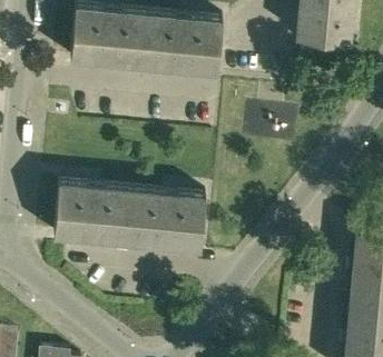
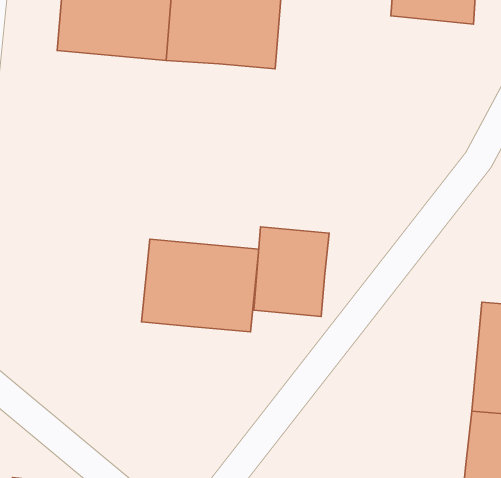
building: none -> [254,227,329,316]
building: [53,180,132,242] -> none

